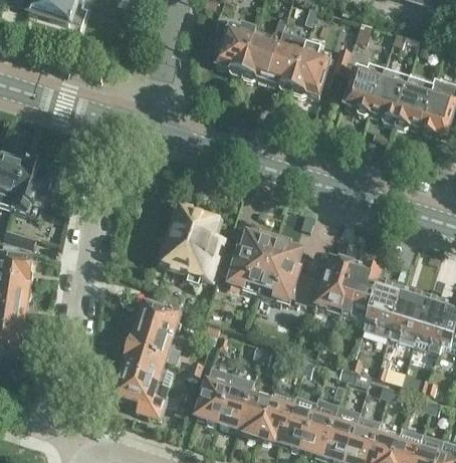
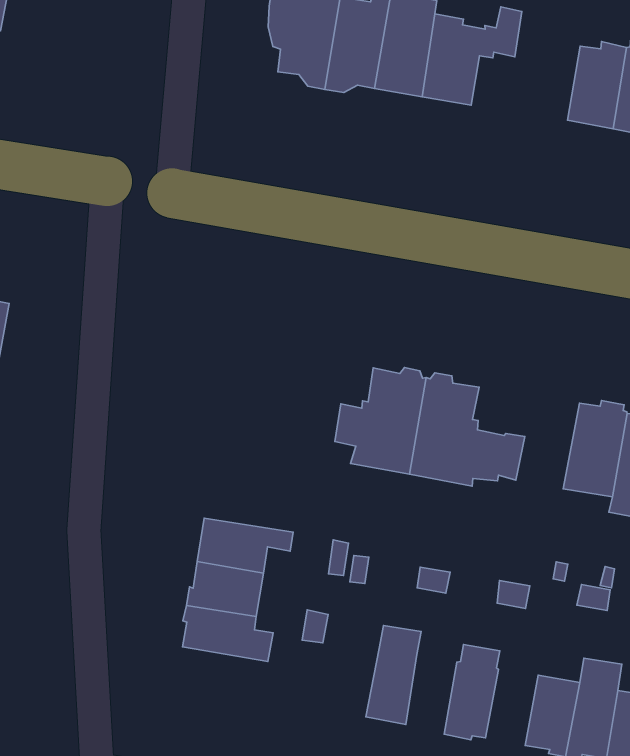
building: [343,47,382,111] -> none
building: [162,209,224,279] -> none
building: [314,258,355,311] -> none
building: [194,366,232,421] -> none
building: [113,370,167,417] -> none
building: [237,391,269,436] -> none
building: [279,405,312,448] -> none

